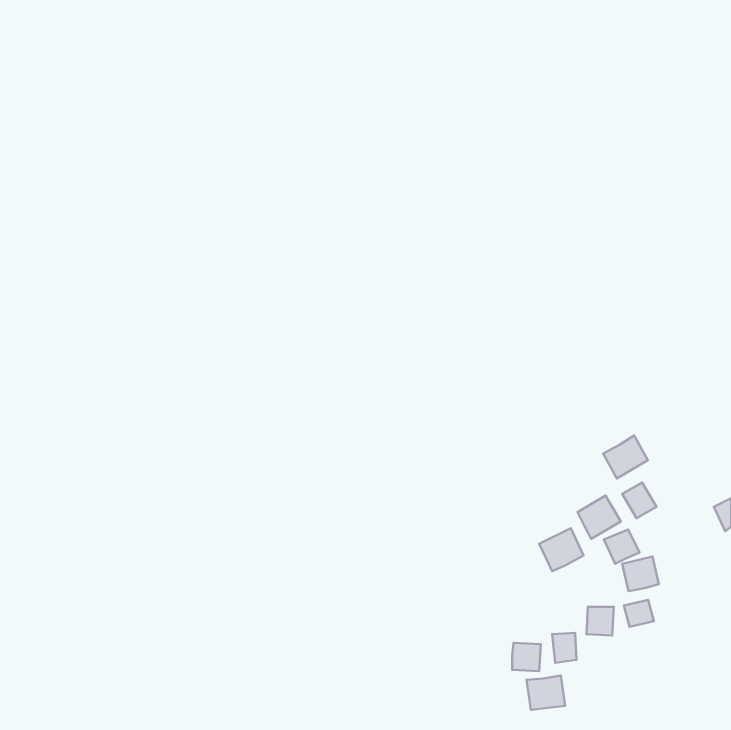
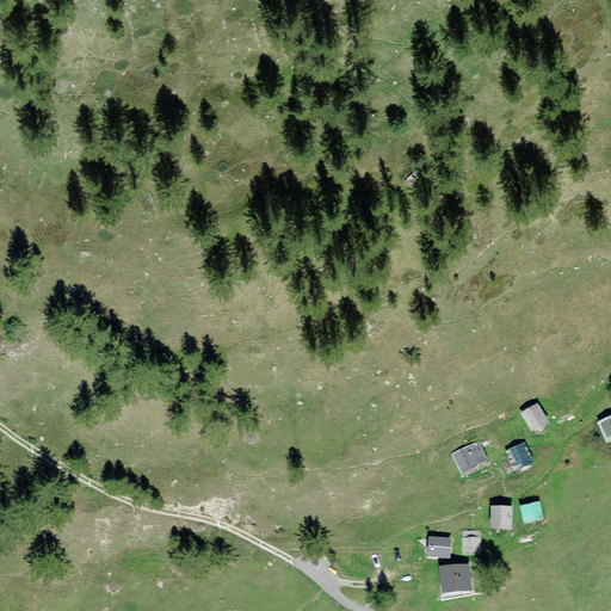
building: [603,435,648,478] -> none
building: [577,496,621,539] -> none
building: [622,557,659,591] -> none

